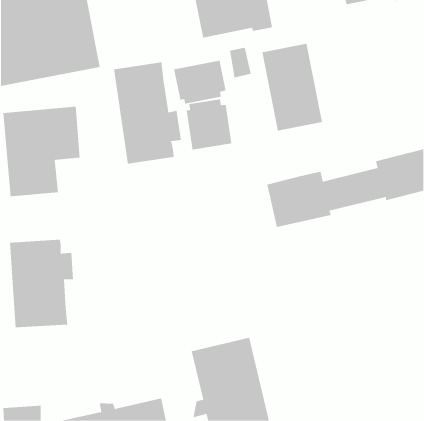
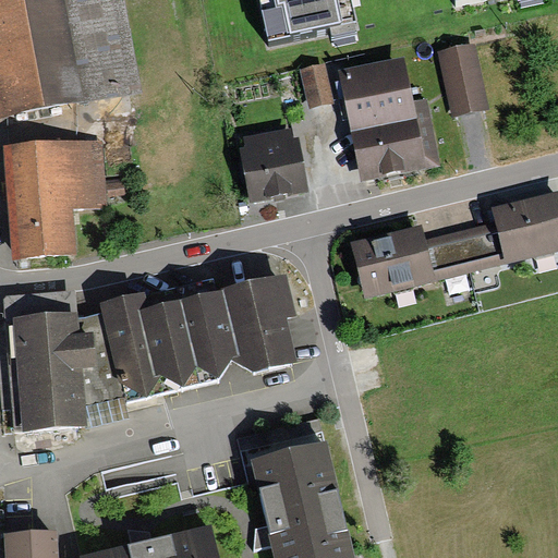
building: none -> [434,41,486,113]
building: [174,60,226,104] -> none
building: [114,62,182,164] -> none
building: none -> [81,278,298,404]

